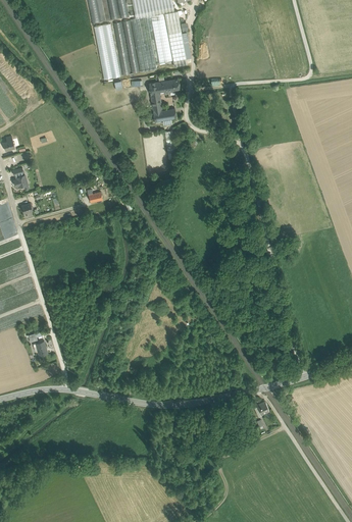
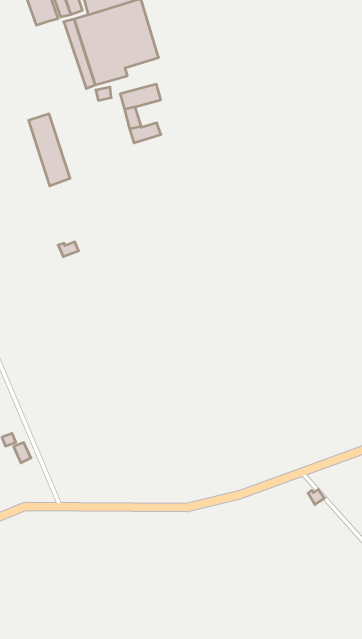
building: [94,23,120,79] -> [29,114,70,186]

